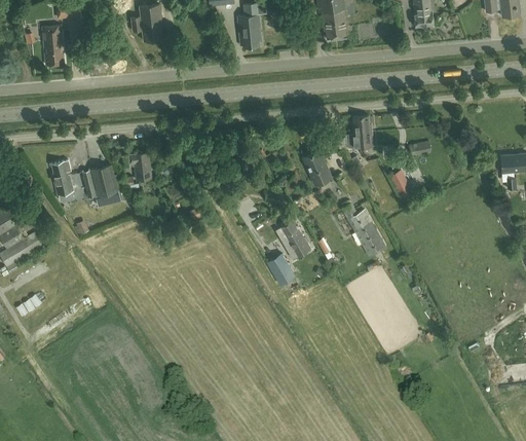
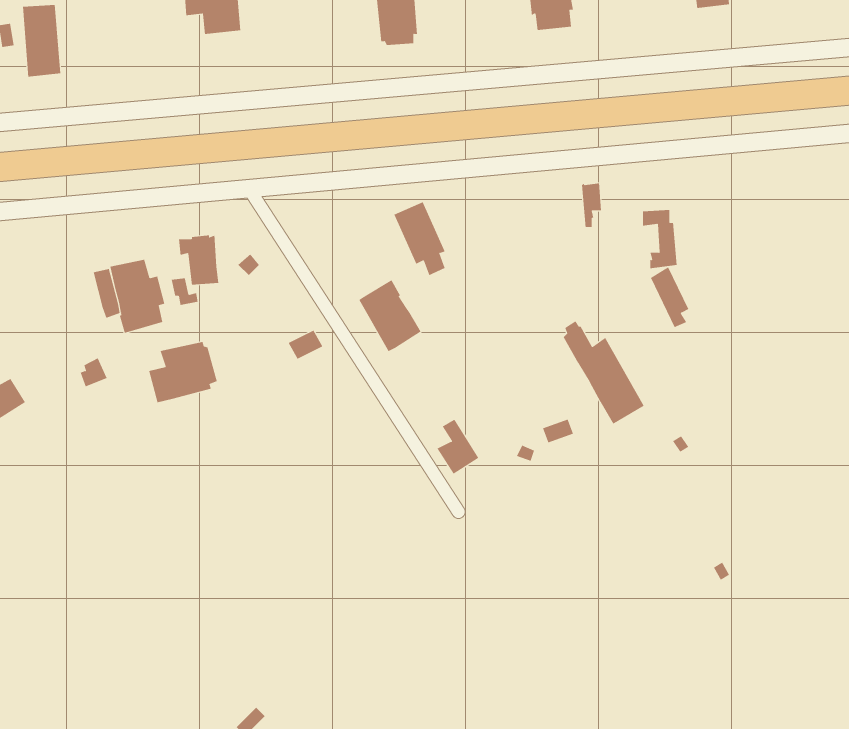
building: [353,115,373,148] -> [642,209,677,269]
building: [303,150,332,191] -> [394,201,446,276]
building: [49,159,73,203] -> none
building: none -> [148,341,217,403]
building: [275,219,310,259] -> [358,280,422,352]

